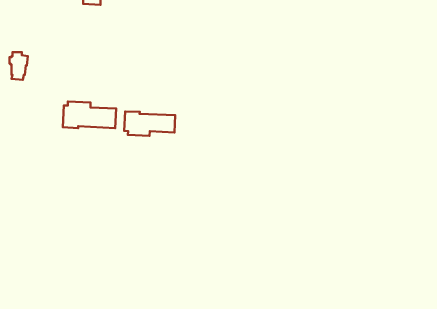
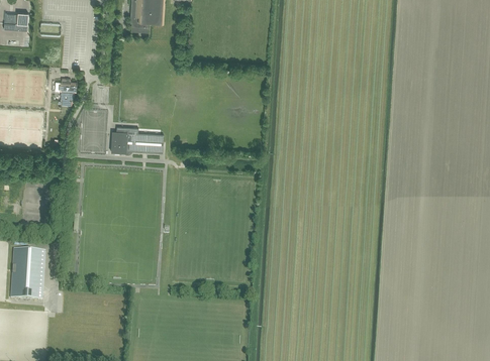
building: [124,112,175,136] -> none

